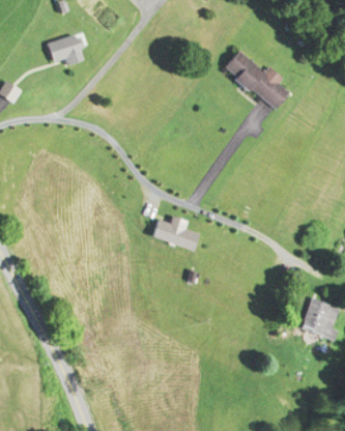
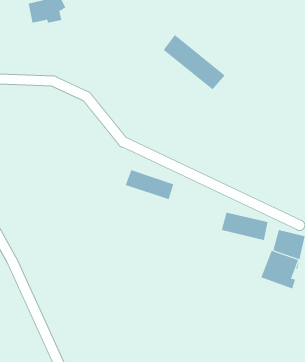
building: [226,49,292,108] -> [163,34,226,90]
building: none -> [221,212,268,241]

